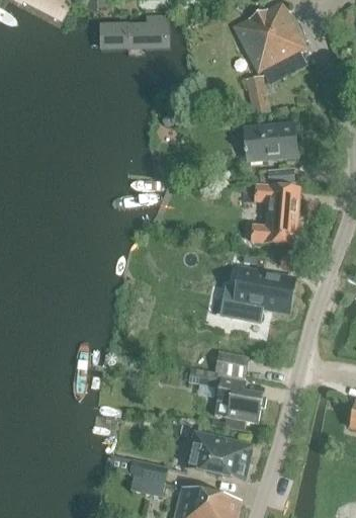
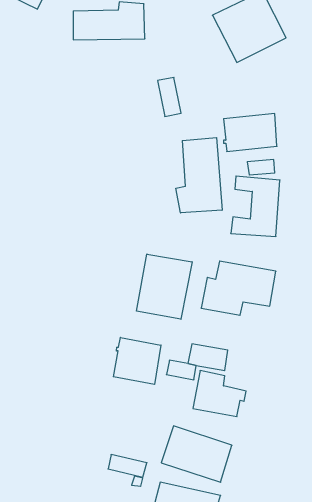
building: [246,75,269,113] -> [158,77,181,116]
building: none -> [176,138,222,213]
building: none -> [137,254,192,319]
building: none -> [113,337,161,384]

